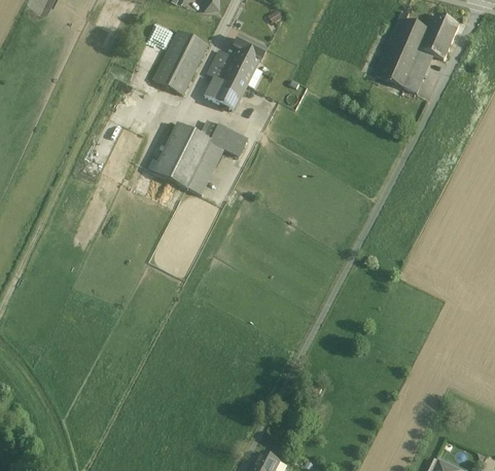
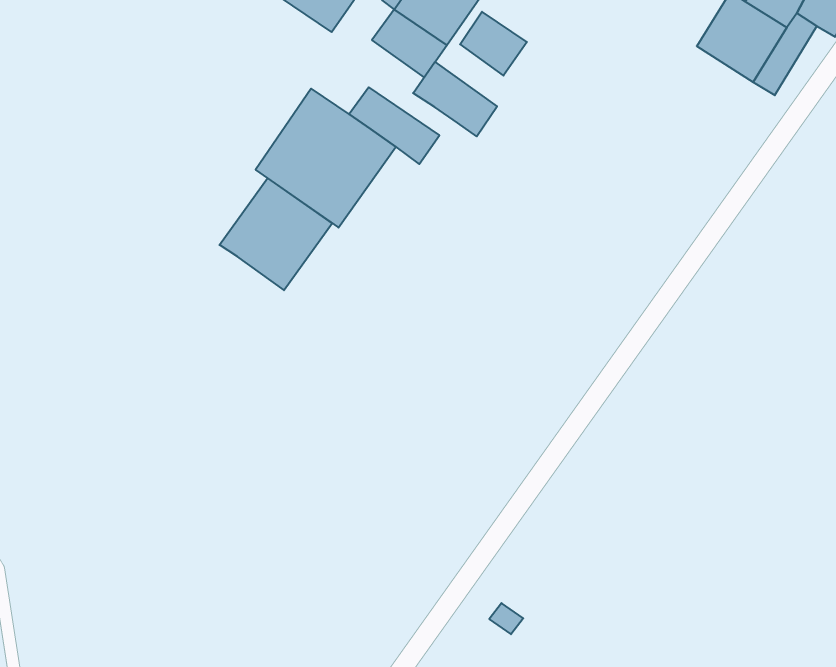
building: none -> [460,12,527,76]
building: none -> [413,62,497,136]
building: none -> [219,178,332,290]

